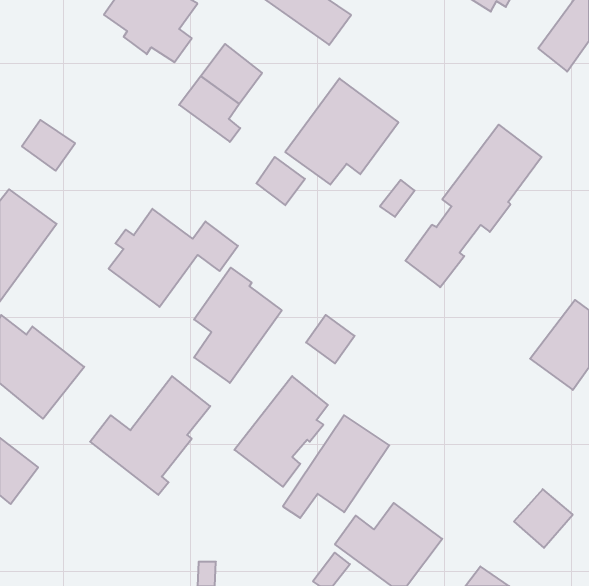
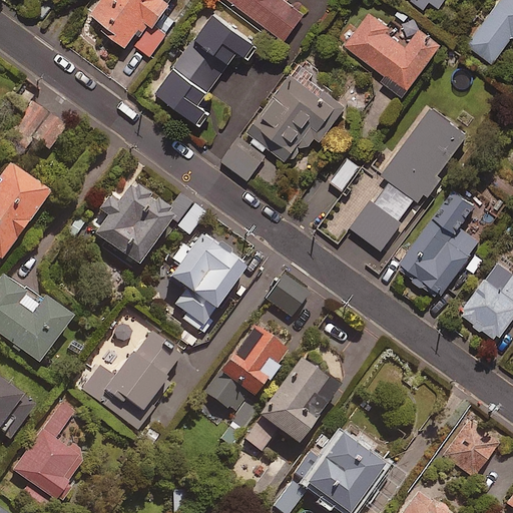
building: none -> [345,11,441,89]
building: none -> [195,13,256,63]
building: none -> [398,188,482,297]
building: none -> [12,402,84,504]

